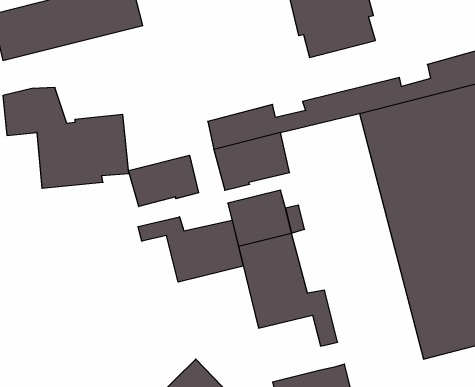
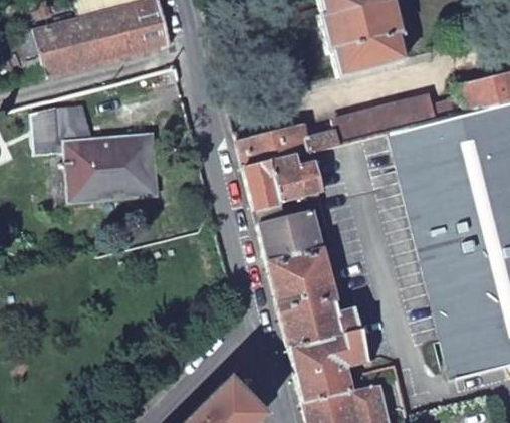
building: [129,155,198,207] -> none
building: [138,217,243,282] -> none
building: none -> [290,335,352,402]

